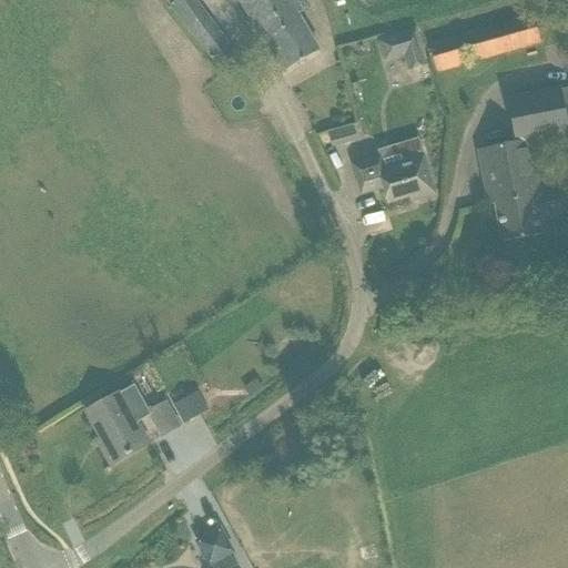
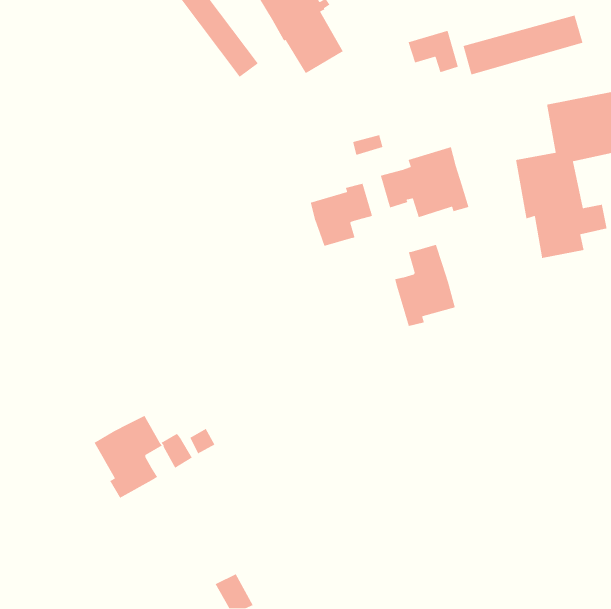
building: none -> [310,183,373,247]
building: none -> [394,244,456,327]

